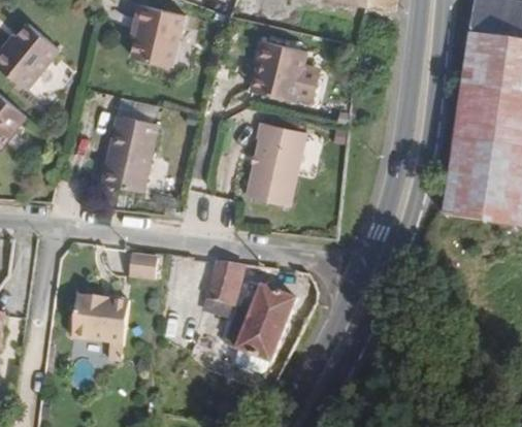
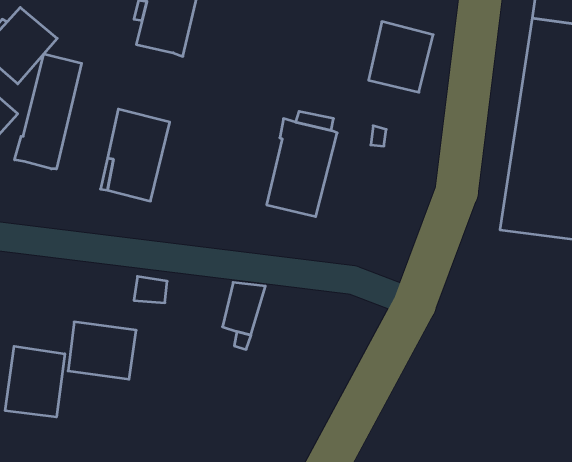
building: [251,39,306,100] -> [369,22,433,92]
building: none -> [15,54,82,169]
building: [231,287,294,363] -> none
building: none -> [5,346,65,417]

